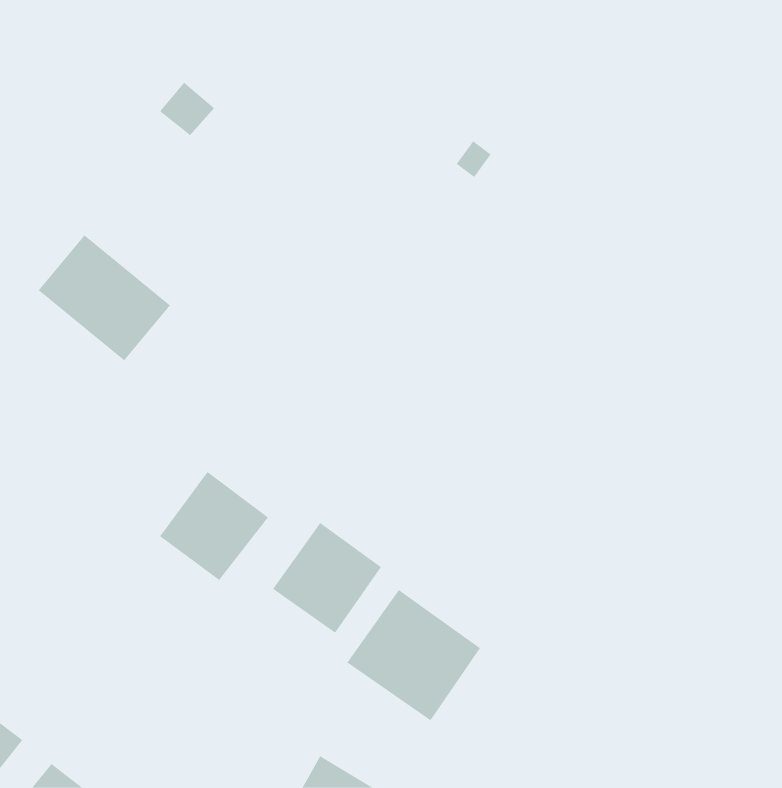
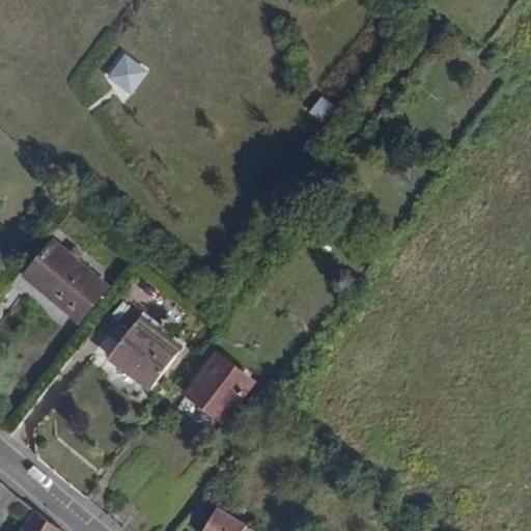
building: [38,234,171,361] -> [20,239,109,324]
building: [346,589,481,721] -> none

